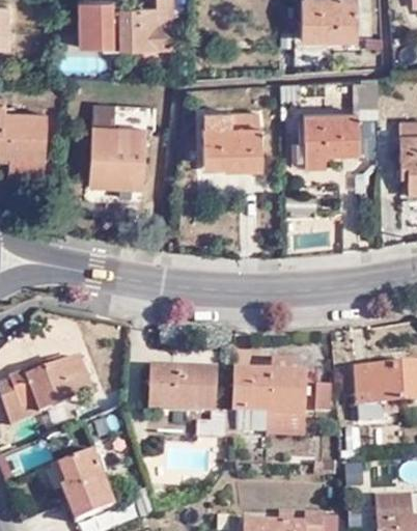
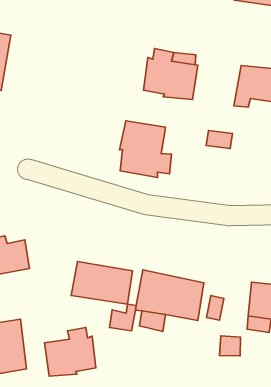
building: [86,110,140,198] -> none
building: none -> [119,121,172,177]
building: none -> [44,327,96,376]

